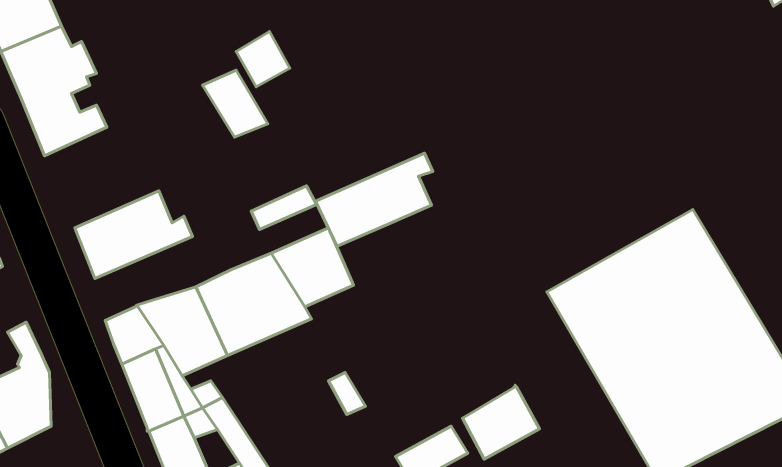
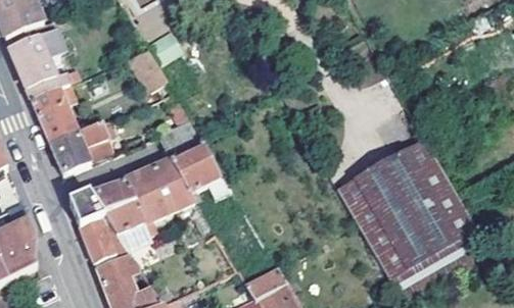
building: none -> [31,83,77,144]
building: [316,153,433,246] -> none
building: [463,385,539,459] -> none

